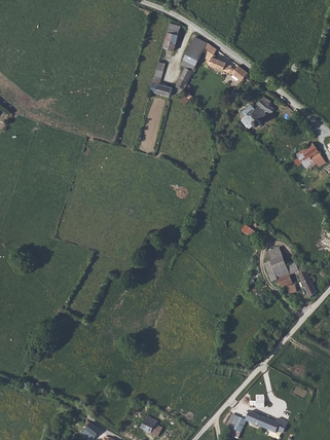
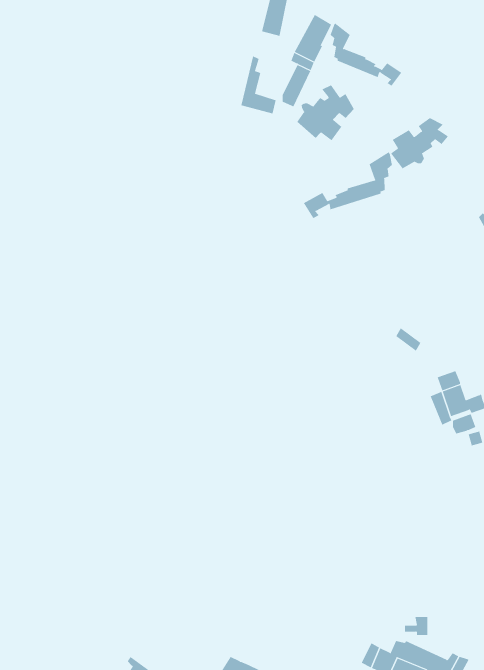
building: none -> [297,85,355,141]
building: none -> [303,152,393,219]

